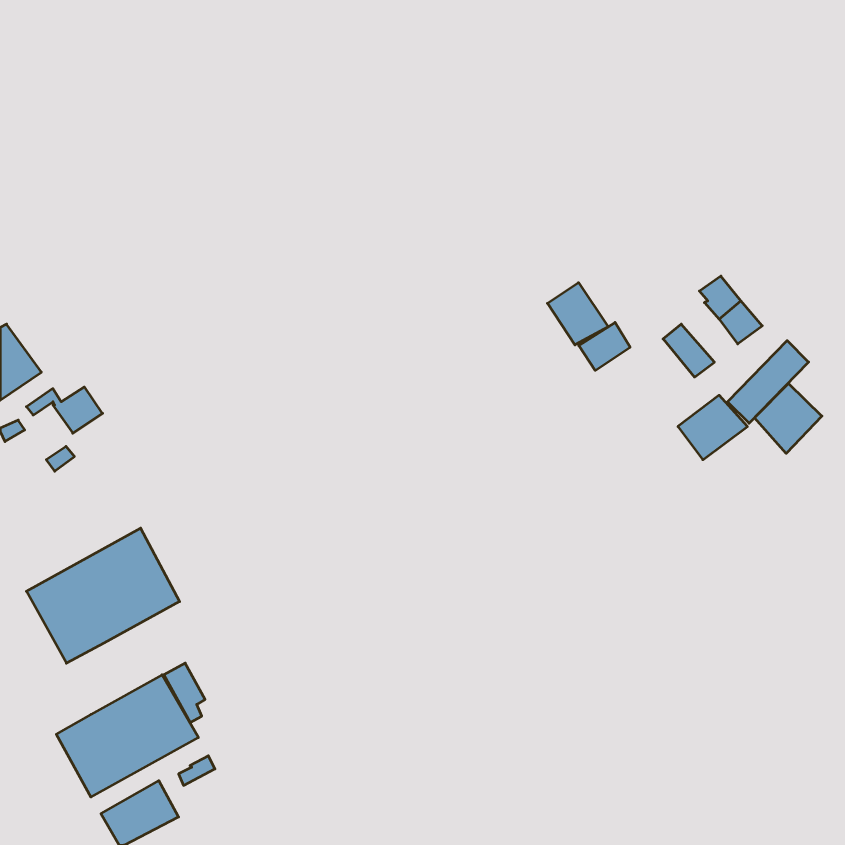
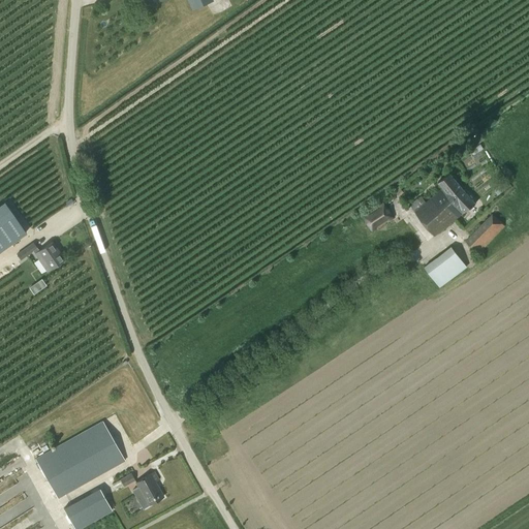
building: [547,283,608,345] -> none
building: none -> [426,189,461,226]
building: [755,383,822,453] -> none
building: [26,528,180,663] -> none
building: none -> [132,472,163,508]

